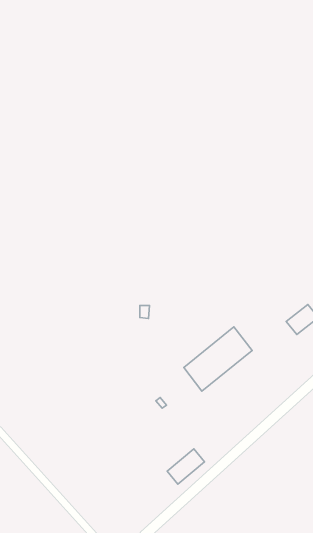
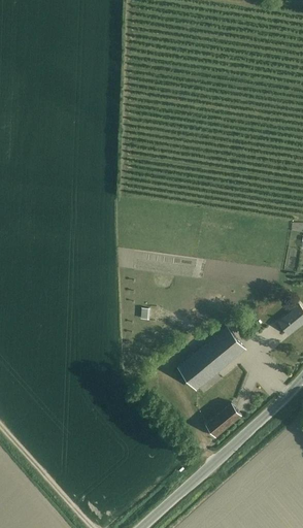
building: [167,449,205,484] -> [204,404,240,438]

